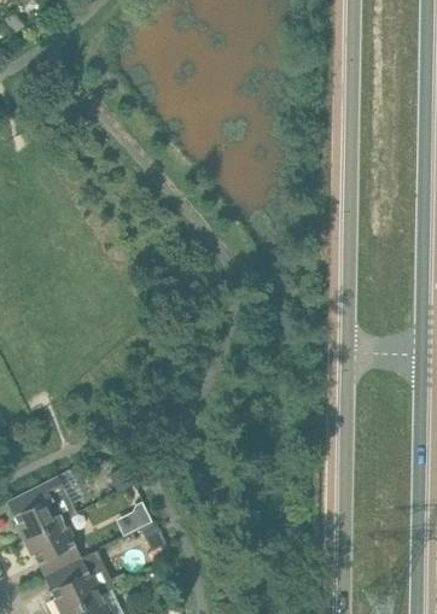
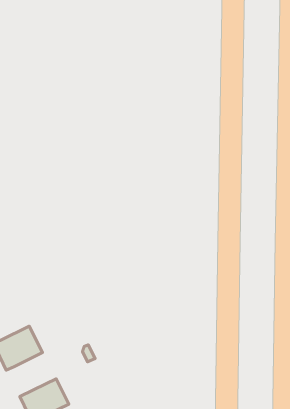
building: [24,520,81,575] -> none

